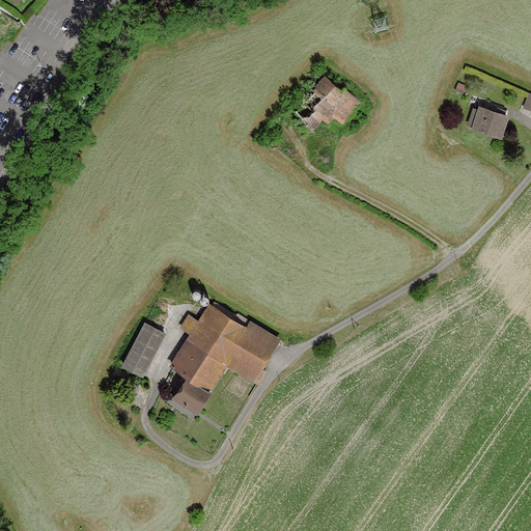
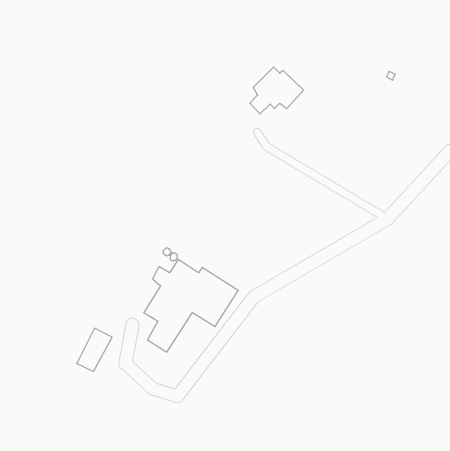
building: [469,105,509,139] -> none
building: [122,324,164,374] -> [77,328,112,372]

